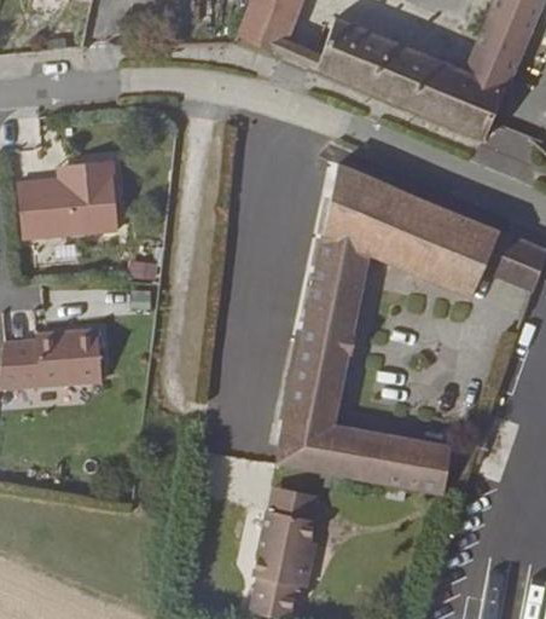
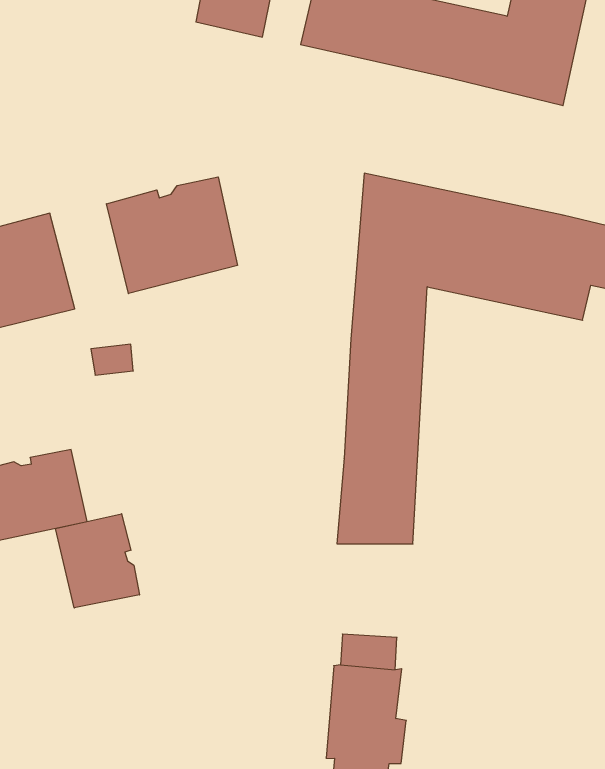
building: none -> [106,177,237,294]
building: none -> [55,514,139,608]
building: [272,427,448,498] -> none

